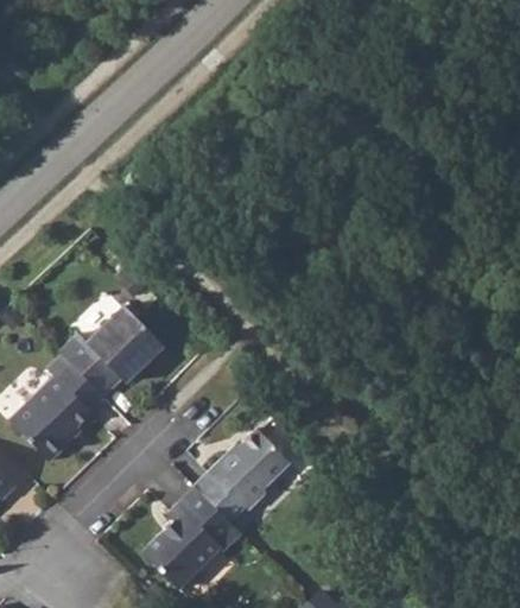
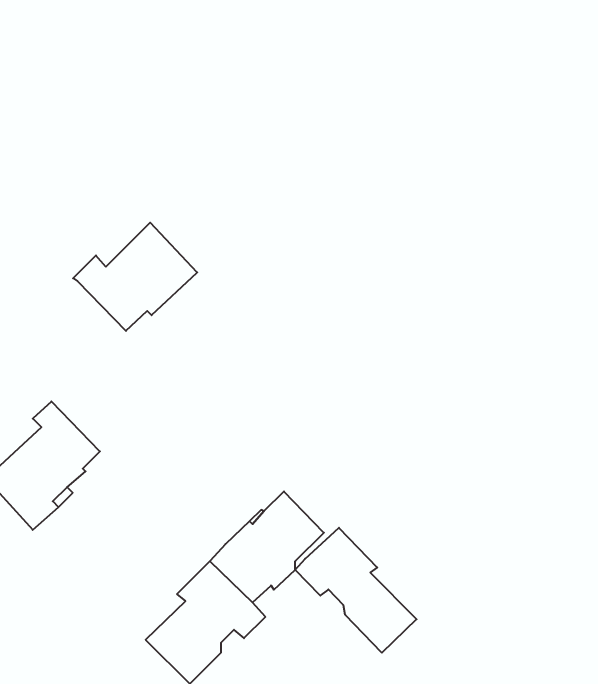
building: [59,304,163,394] -> [73,223,197,331]
building: none -> [295,528,417,653]

